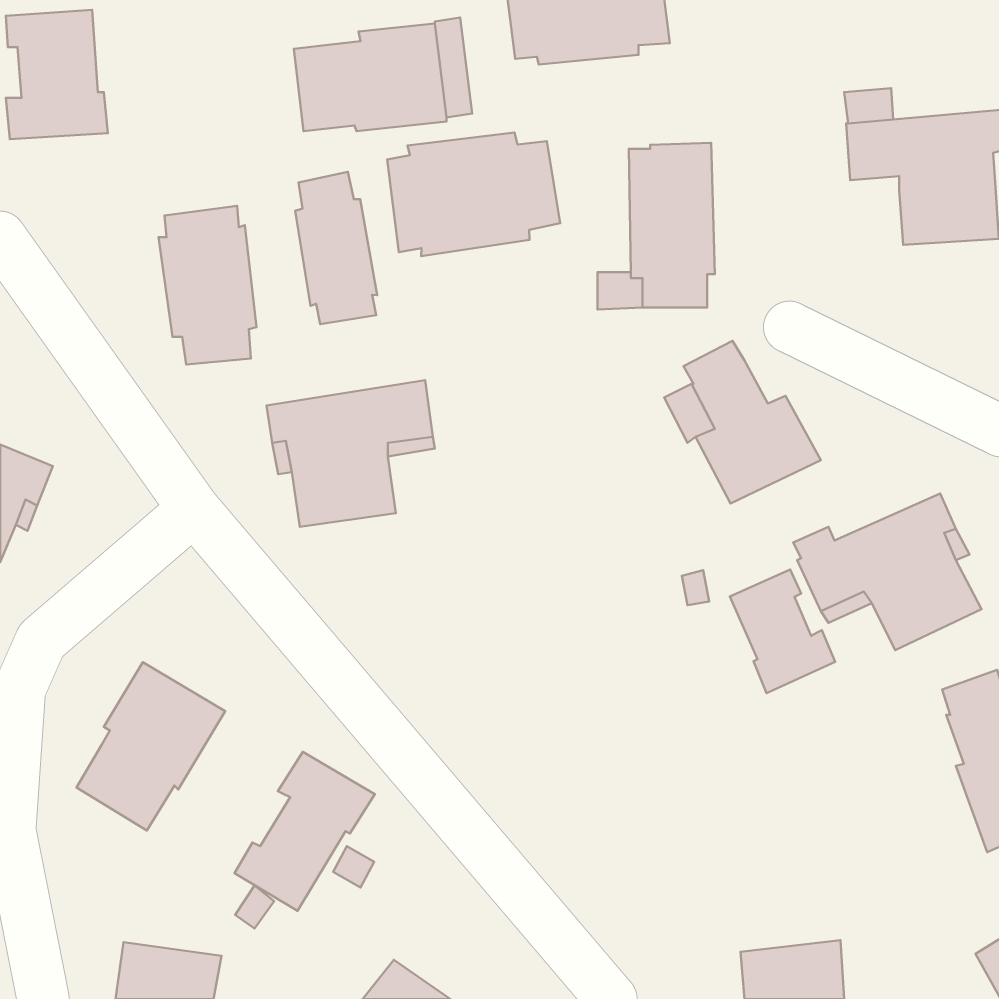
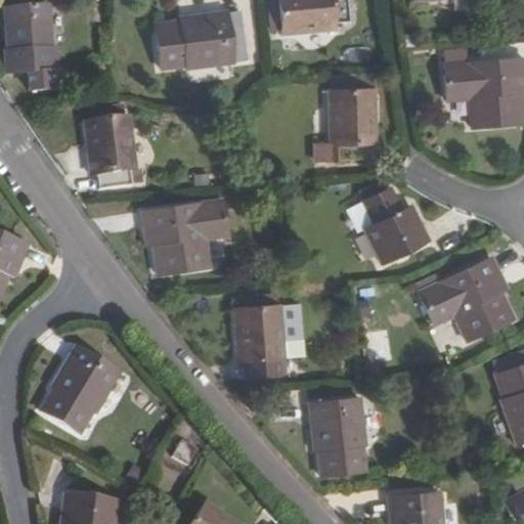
building: [387,132,560,256] -> none
building: [295,172,377,324] -> none
building: [730,570,835,693] -> none
building: none -> [234,307,282,378]
building: [235,752,375,911] -> none
building: none -> [309,397,365,476]

